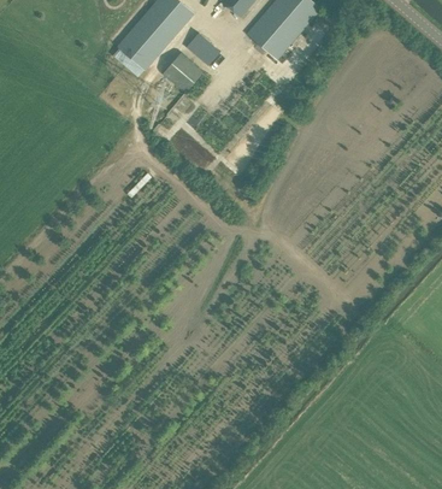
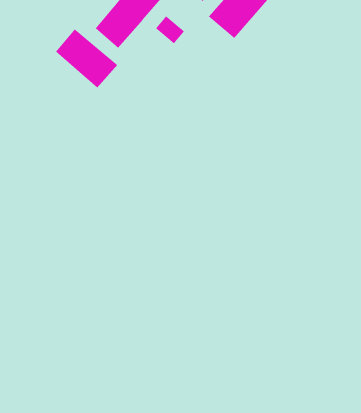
building: none -> [55,29,118,88]
building: [161,52,204,94] -> none

